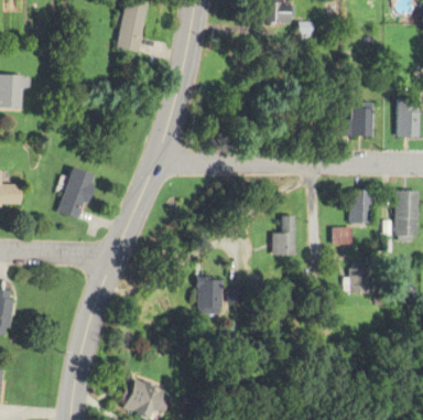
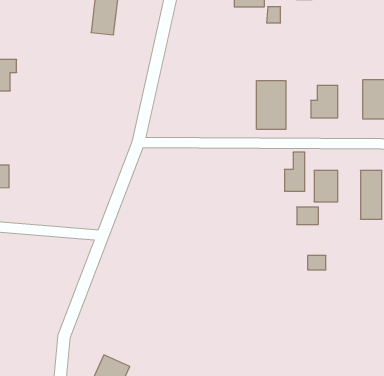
building: none -> [257,81,286,129]
building: [58,168,94,219] -> none
building: [272,215,293,255] -> [284,152,305,191]
building: [196,277,221,314] -> none

